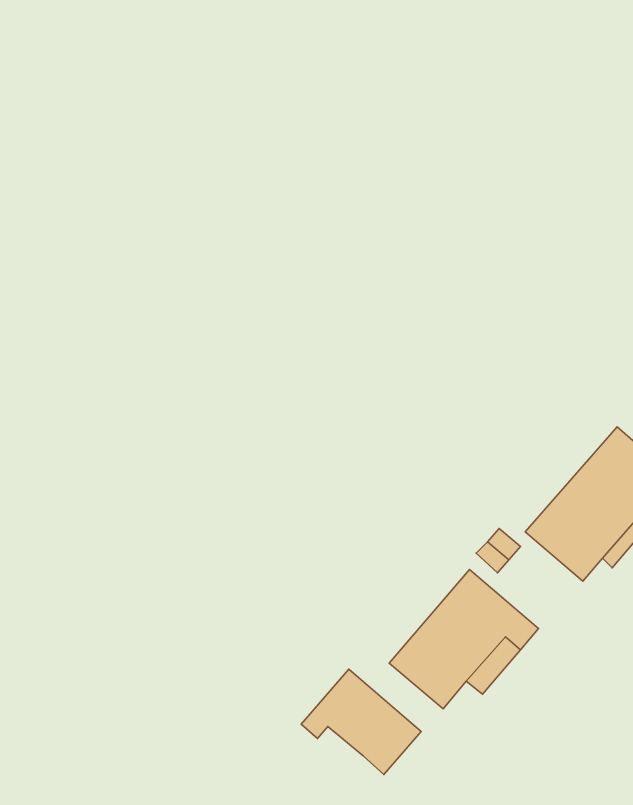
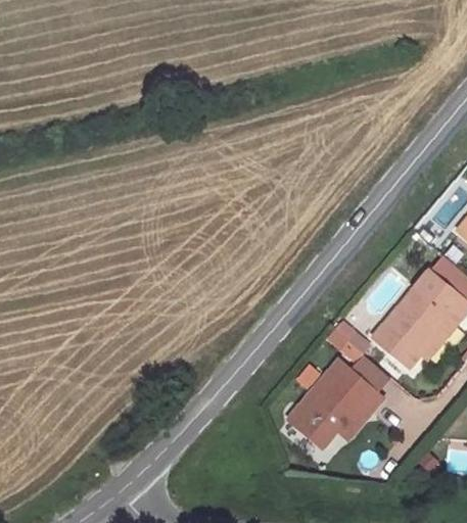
building: [301,669,421,774] -> none

